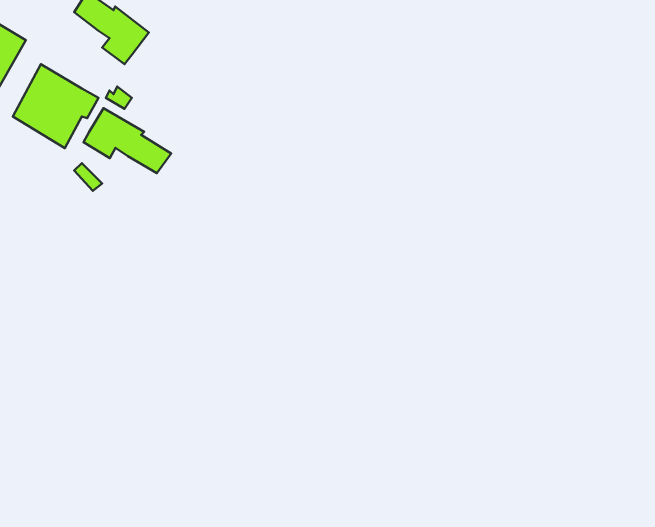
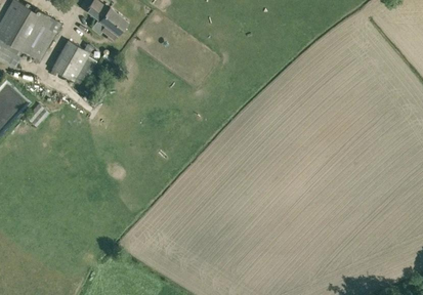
building: [83,108,171,173] -> none

